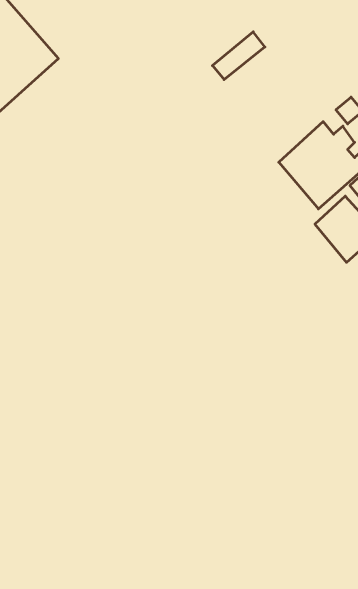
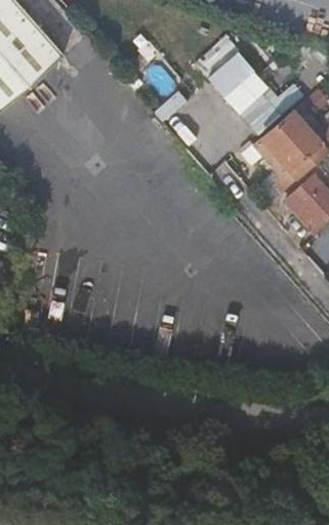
building: none -> [209,49,304,132]

